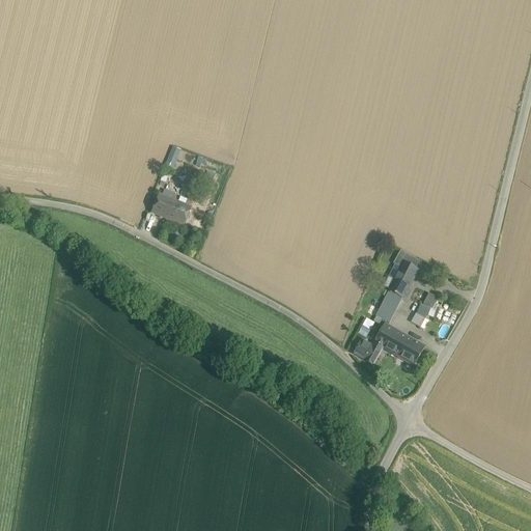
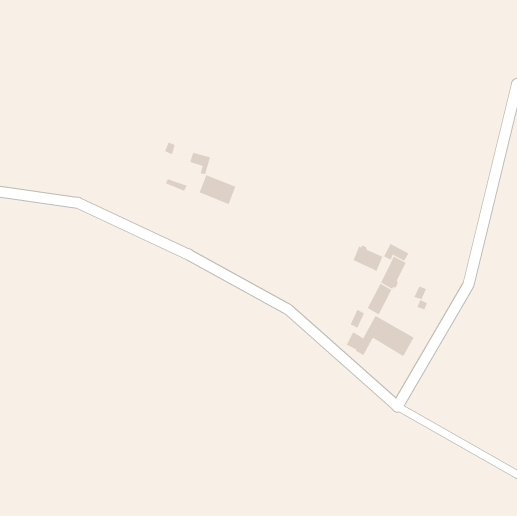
building: [151,193,190,224] -> [199,174,236,205]
building: none -> [353,244,383,272]

